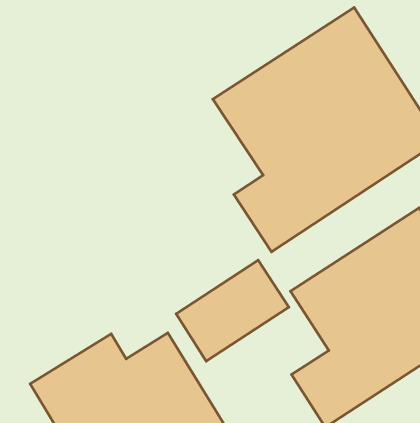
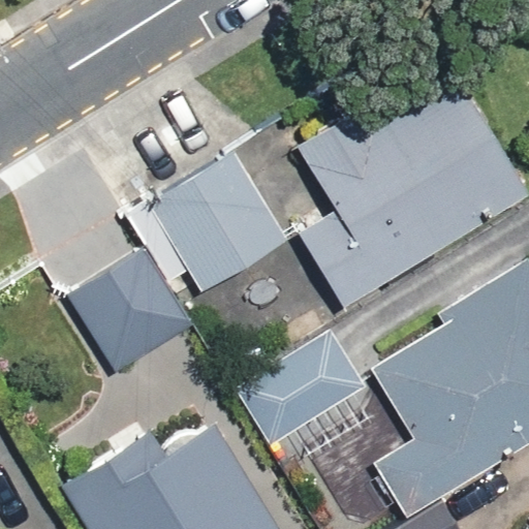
building: none -> [128,139,298,311]
building: none -> [61,245,196,381]

